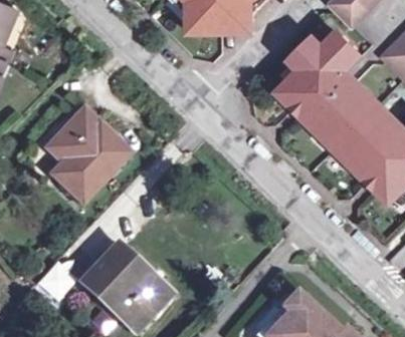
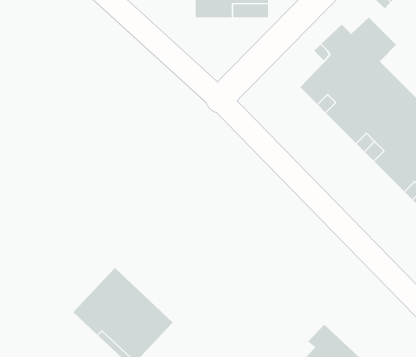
building: [47,110,129,202] -> none

